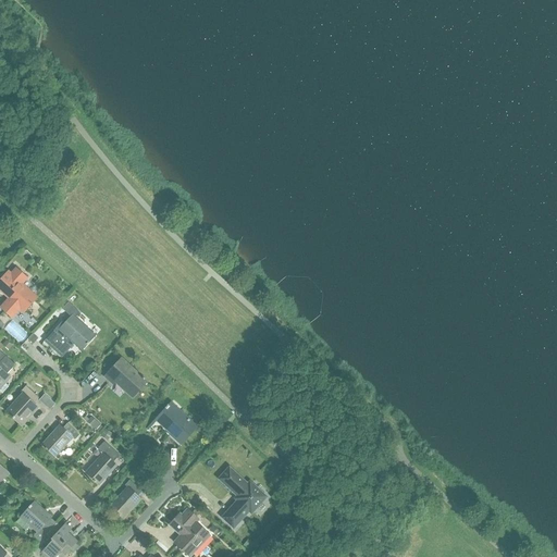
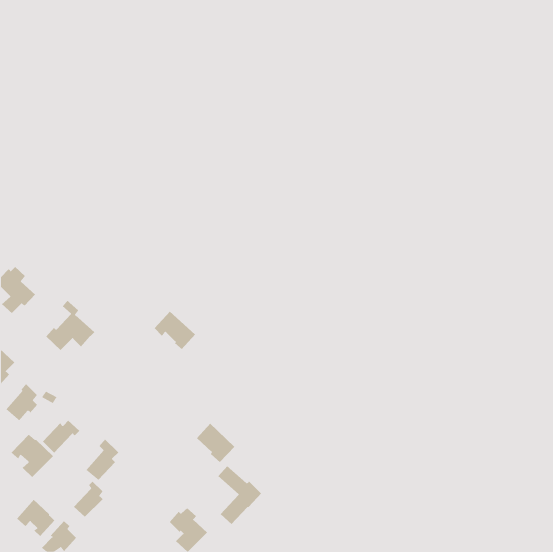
building: [104,358,147,397] -> [154,311,196,350]
building: [157,403,196,443] -> [196,423,235,463]
building: none -> [10,434,54,478]
building: [111,480,141,517] -> [73,481,103,518]

